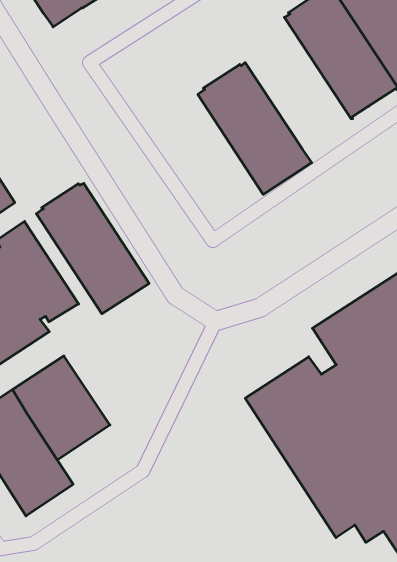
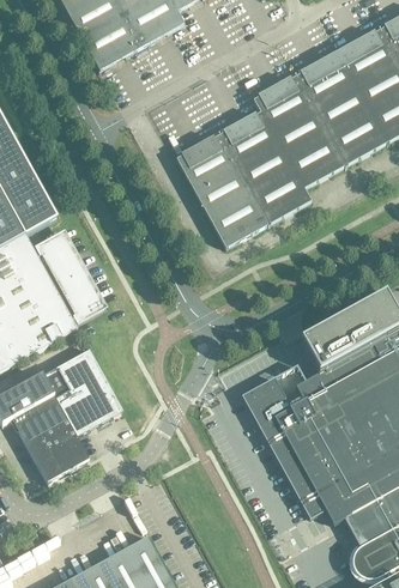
building: none -> [253,74,346,187]
building: [36,183,149,314] -> [176,134,267,245]

